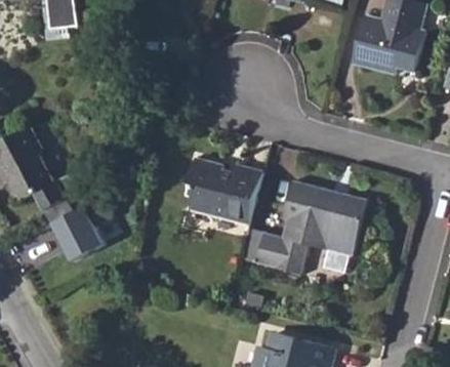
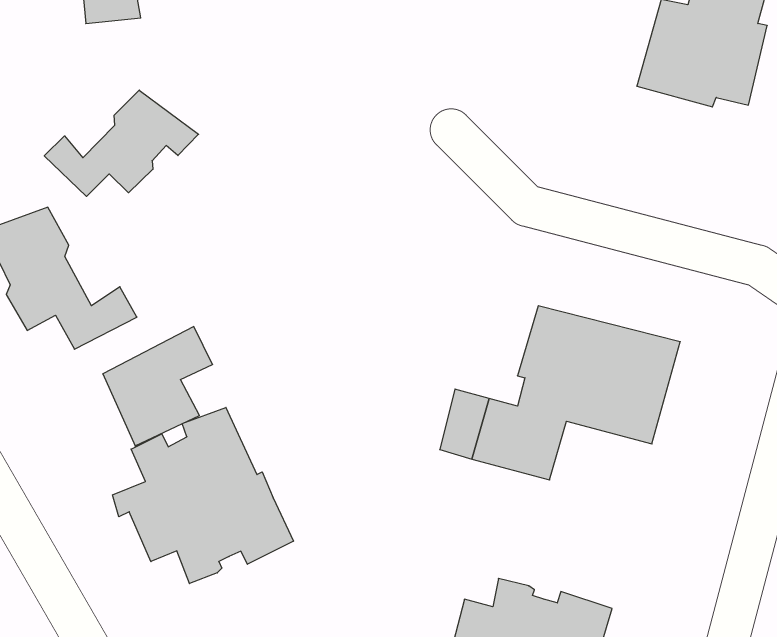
building: none -> [44,90,199,196]
building: [187,156,264,226] -> none
building: none -> [112,407,293,584]

